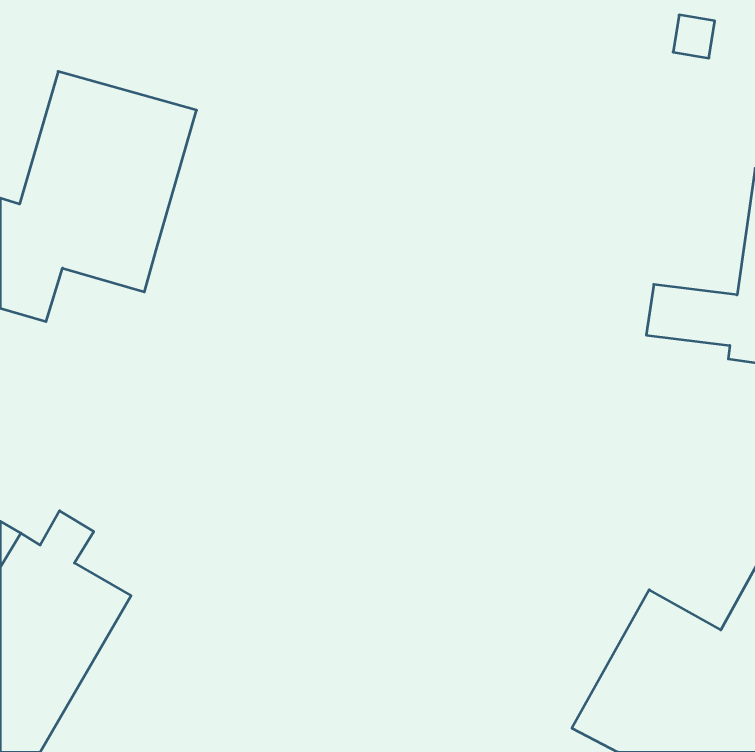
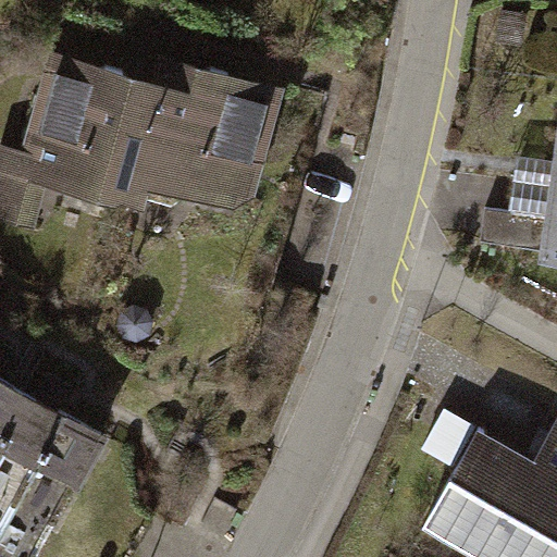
building: none -> [119,54,278,216]

